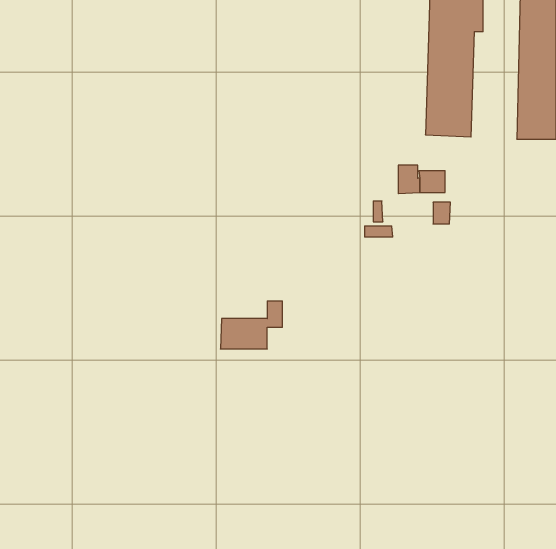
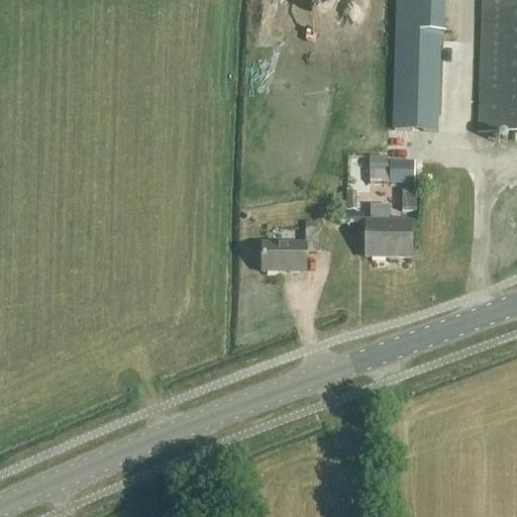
building: none -> [366,202,411,254]
building: [220,301,282,349] -> [262,225,319,270]

